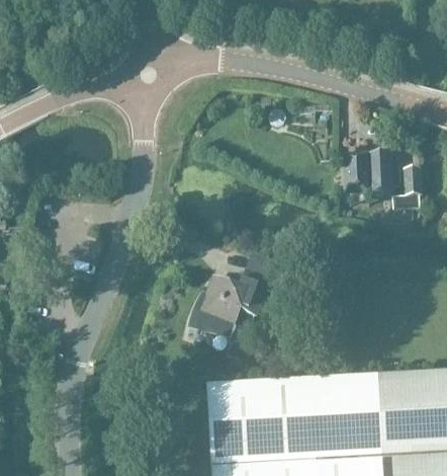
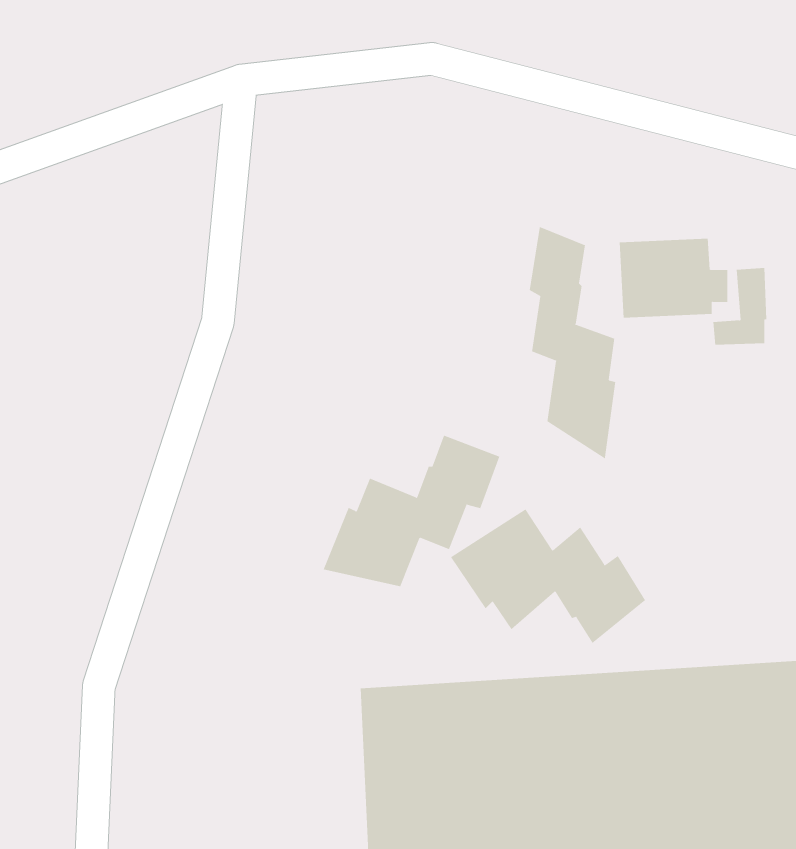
building: none -> [529,226,616,460]
building: none -> [450,509,646,644]

